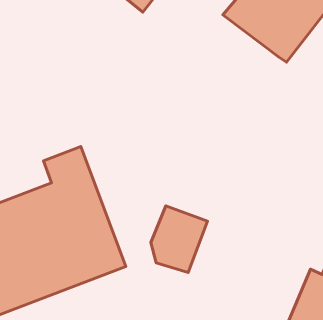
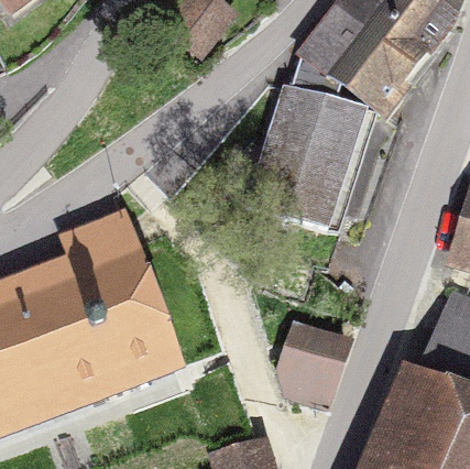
building: none -> [249,54,369,232]
building: [151,206,208,273] -> [276,325,347,407]

